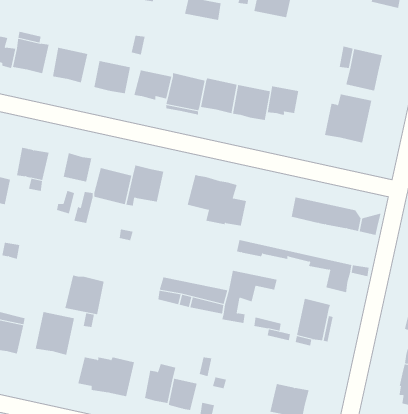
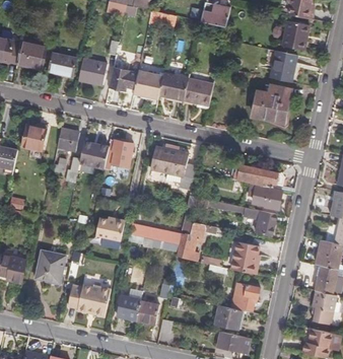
building: none -> [282,20,308,48]
building: [267,86,299,116] -> none
building: none -> [252,184,281,208]
building: [65,275,105,315] -> [93,217,124,247]
building: none -> [232,283,260,310]

